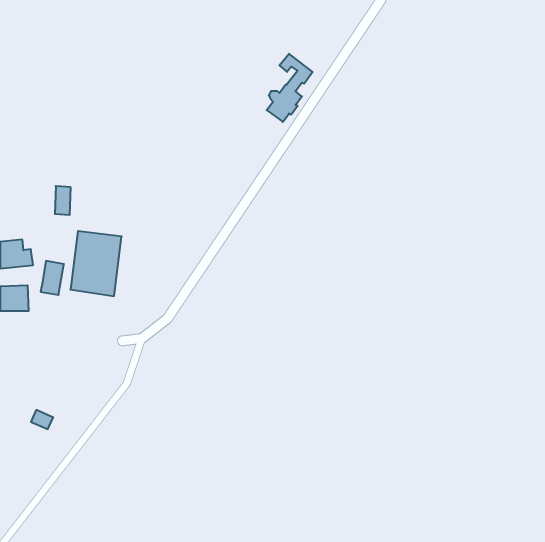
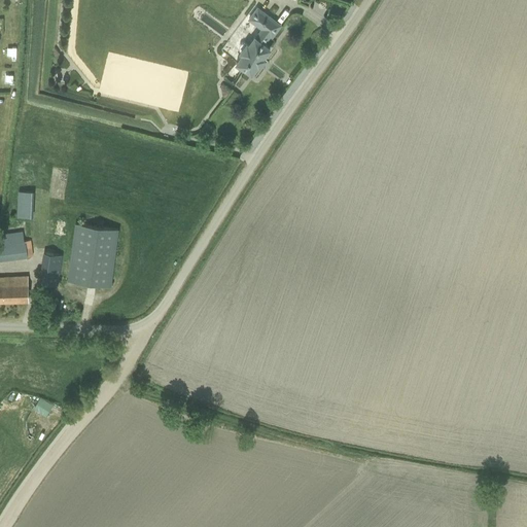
building: [267,54,313,122] -> [236,9,280,75]
building: [55,186,71,215] -> [15,191,31,219]

